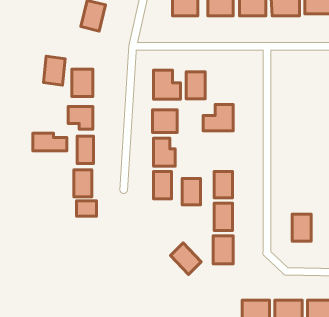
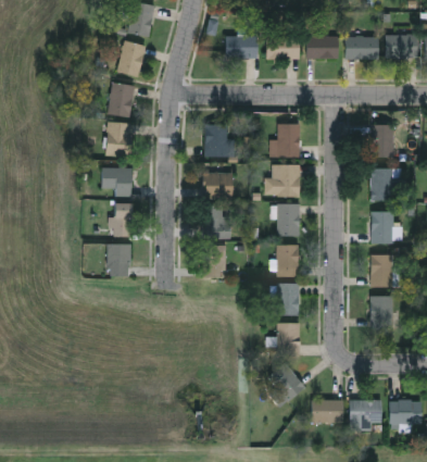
building: [43,56,65,85] -> [108,83,134,117]
building: none -> [371,124,393,157]
building: [186,72,205,99] -> [277,124,300,157]
building: none -> [369,167,397,201]
building: [33,133,67,151] -> none
building: none -> [369,212,393,244]
building: [182,178,200,205] -> [277,204,299,236]
building: none -> [369,255,392,287]
building: [76,201,96,216] -> none
building: [170,243,201,274] -> [267,363,304,401]

